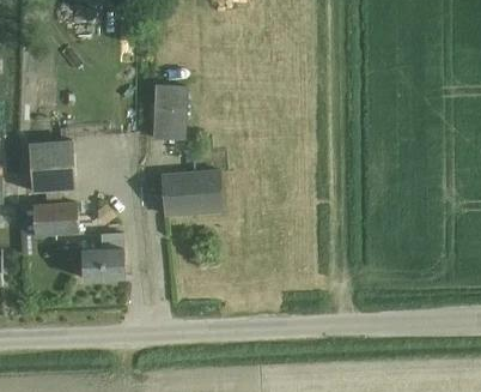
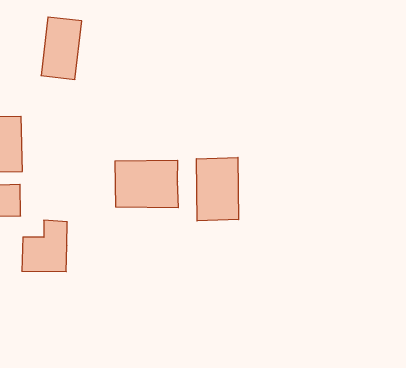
building: [152,85,185,140] -> [41,17,82,79]
building: none -> [196,157,239,221]

